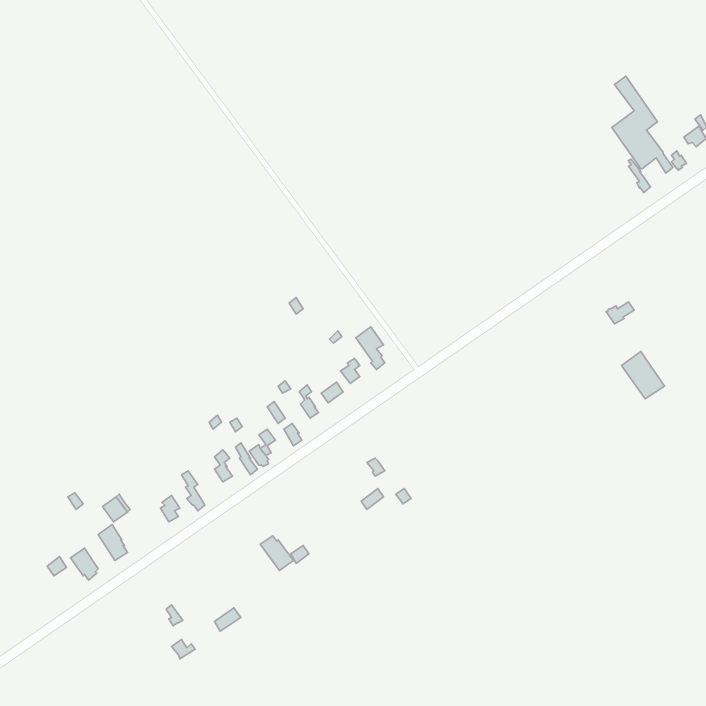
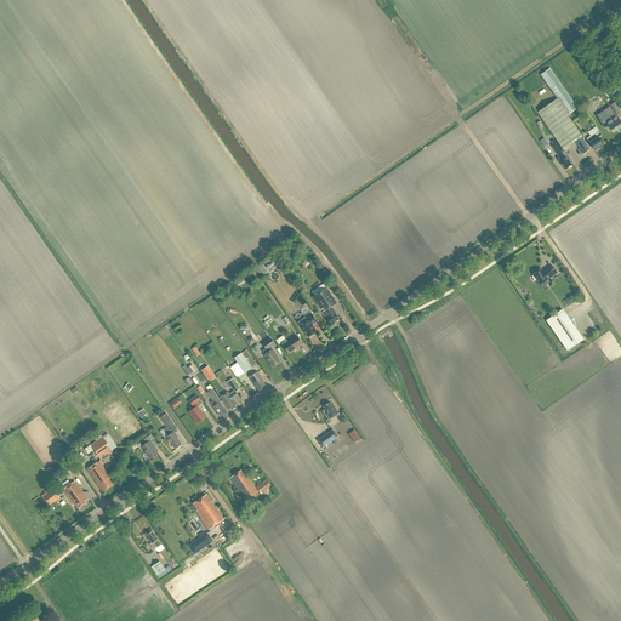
building: none -> [192,492,223,529]

